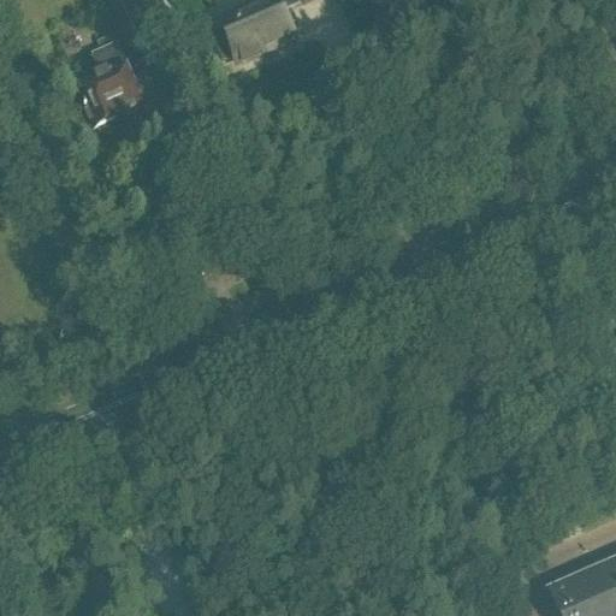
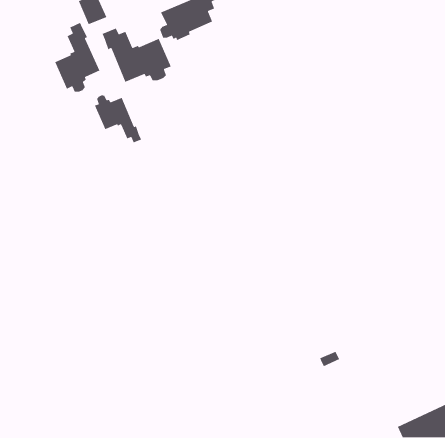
building: none -> [101,27,172,83]
building: none -> [94,95,142,143]

